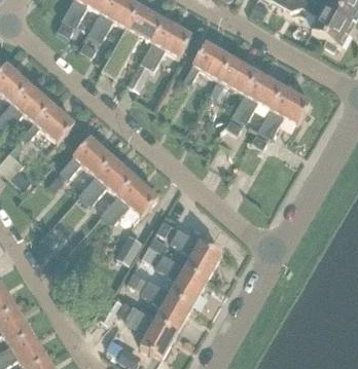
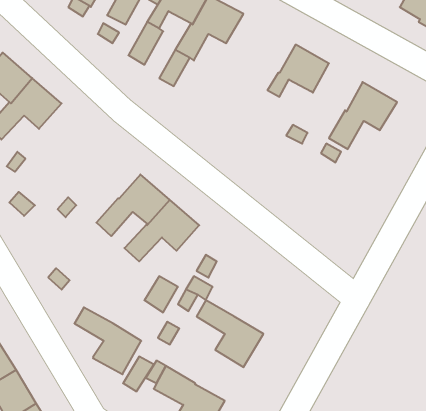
building: [182,42,231,84] -> none
building: [231,72,283,123] -> none
building: [21,103,74,142] -> none
building: [59,137,112,178] -> none
building: [170,227,221,280] -> none
building: [140,280,191,331] -> [74,307,141,374]

